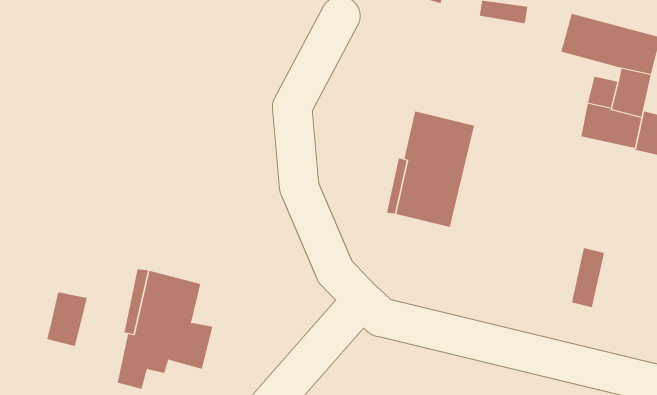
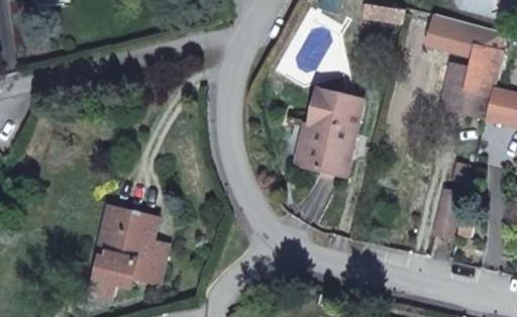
building: [46,292,88,347] -> none

